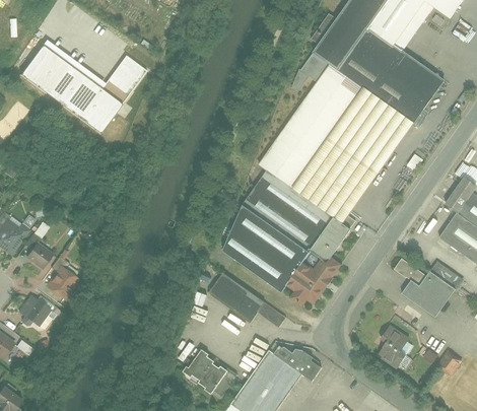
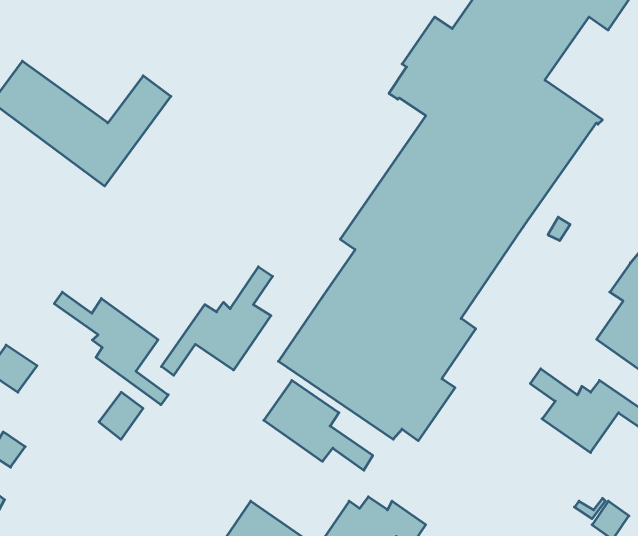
building: none -> [161,267,273,375]
building: none -> [54,292,168,405]
building: [46,266,76,298] -> [99,392,143,439]
building: [377,322,408,365] -> none

